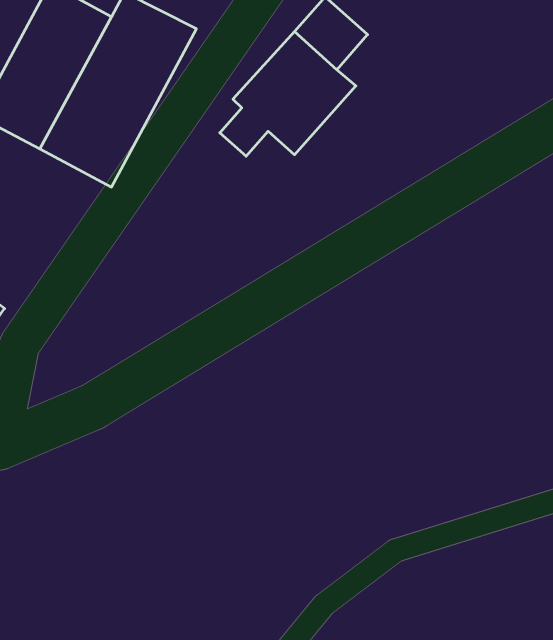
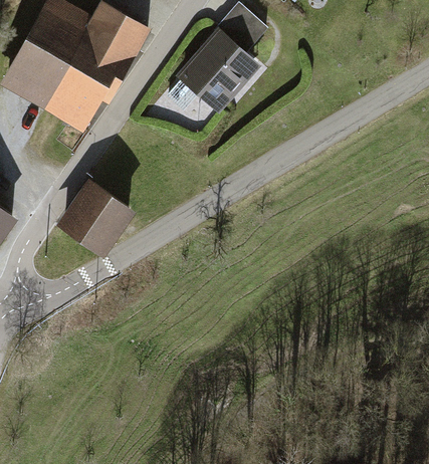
building: none -> [58,178,133,252]

